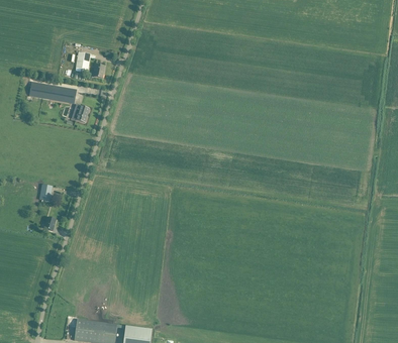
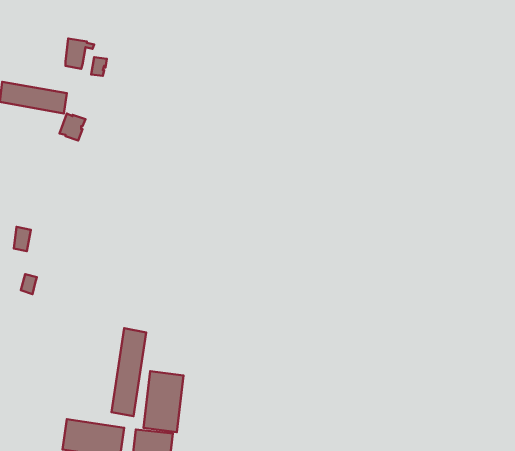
building: none -> [112,328,146,416]
building: none -> [143,371,183,432]

